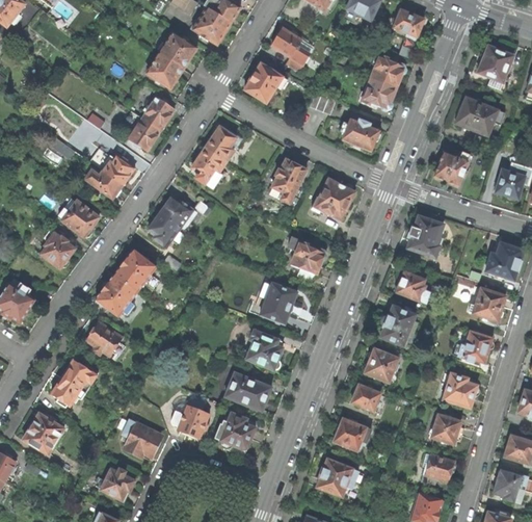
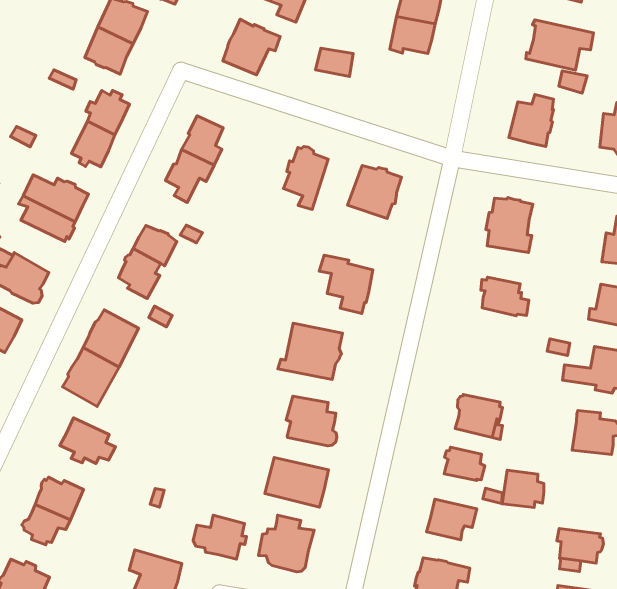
building: [339,118,380,150] -> none
building: [379,305,417,345] -> none
building: [431,414,462,443] -> [502,470,544,508]

